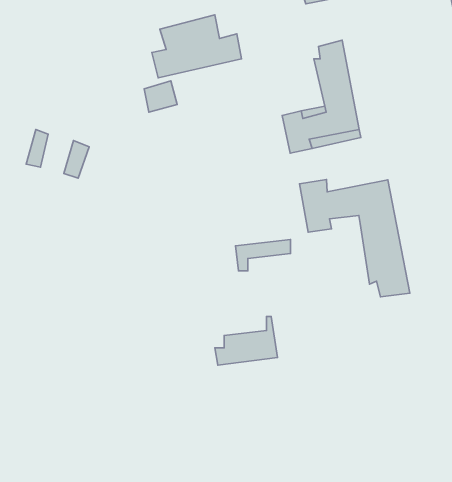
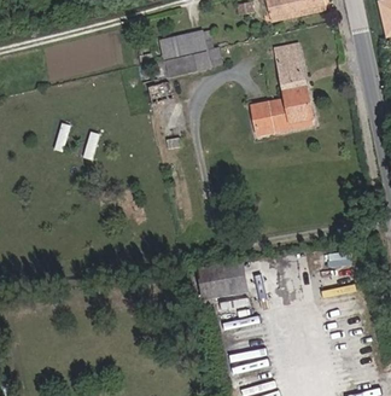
building: [299,179,410,297] -> none
building: [235,240,290,271] -> [198,262,240,286]

